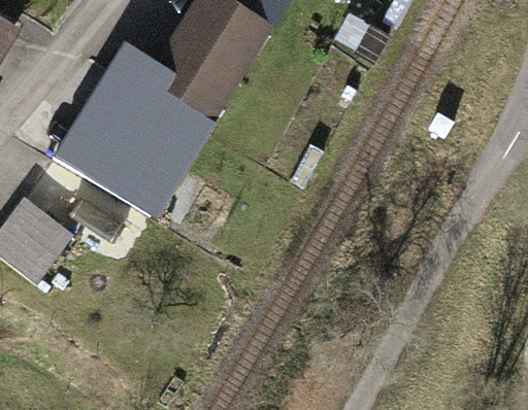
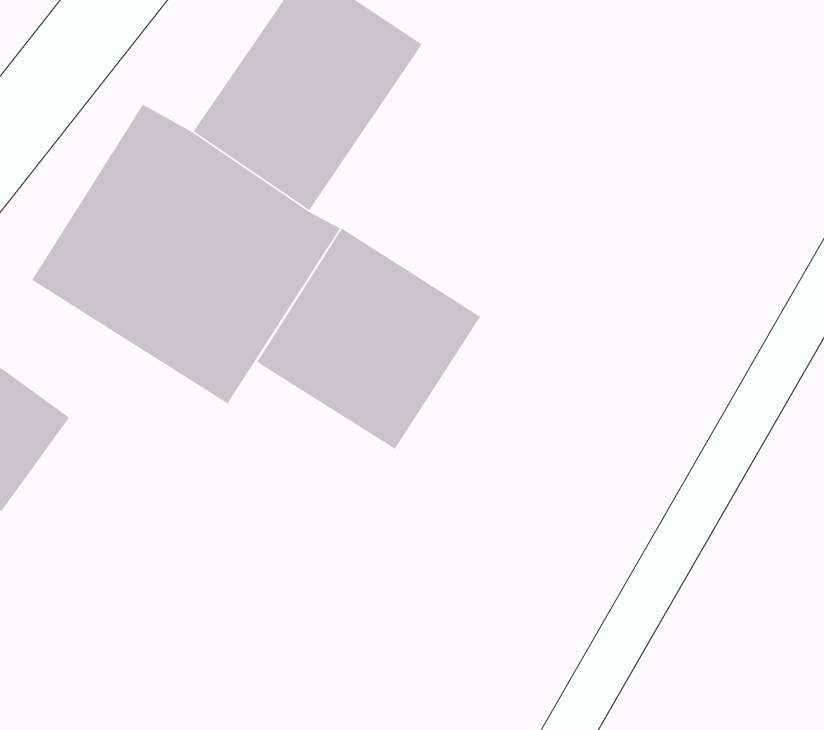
building: none -> [256,227,481,450]

